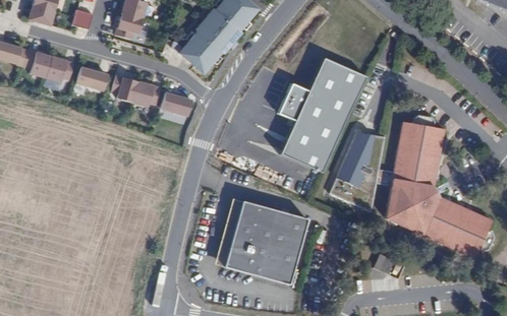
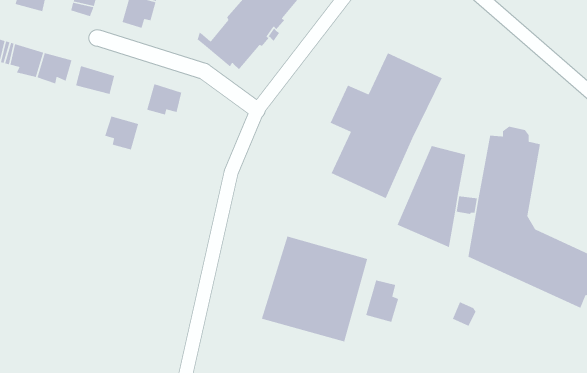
building: [111,75,138,103] -> [104,116,139,150]
building: [161,92,192,116] -> none
building: none -> [365,280,399,323]

